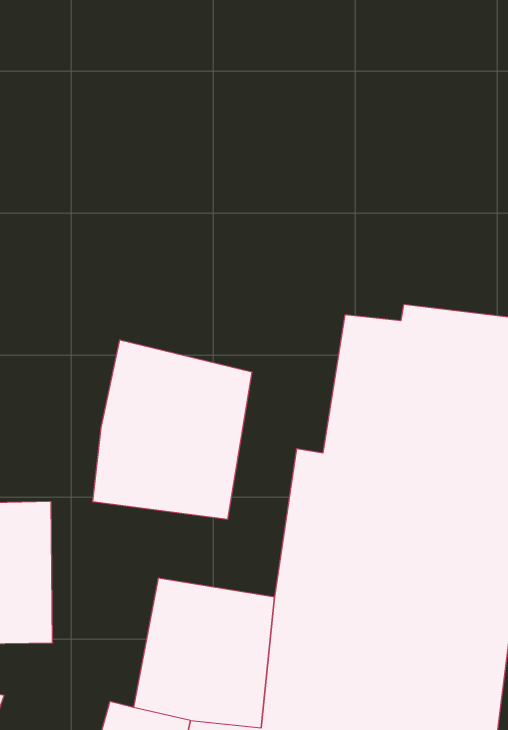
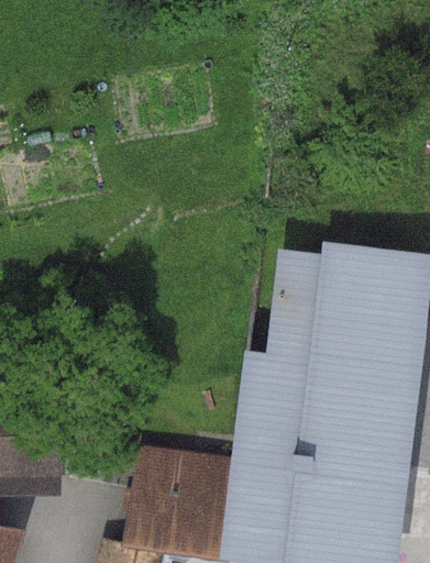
building: [93,340,252,519] -> none

